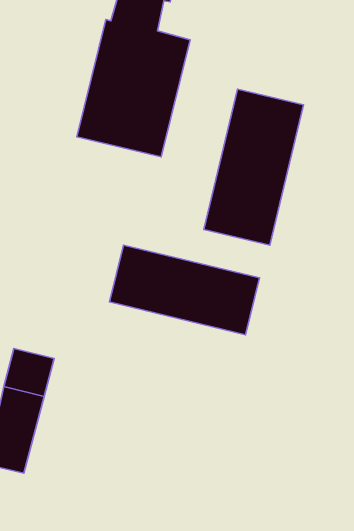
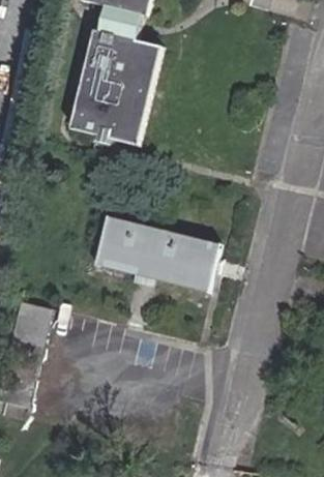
building: [204,89,303,245] -> none

